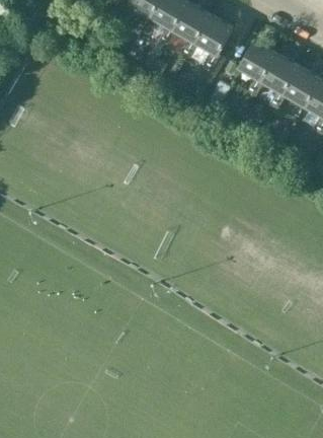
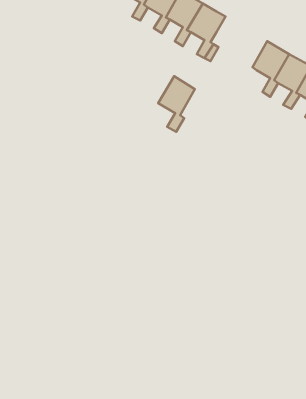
building: [238,39,275,95] -> [158,76,195,132]

